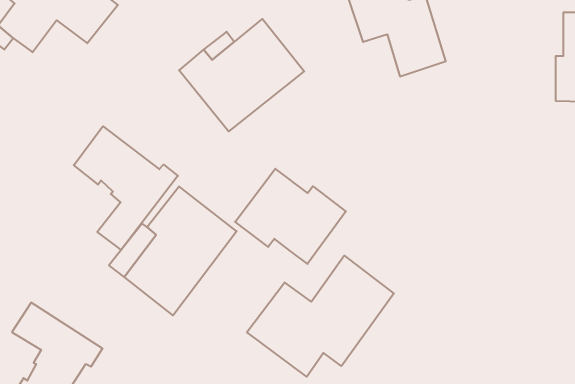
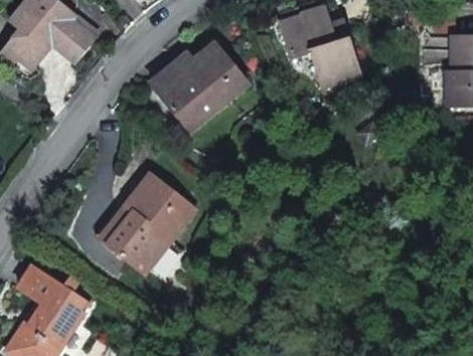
building: [74,126,178,250] -> none
building: [235,169,346,264] -> none
building: [247,256,394,377] -> none

